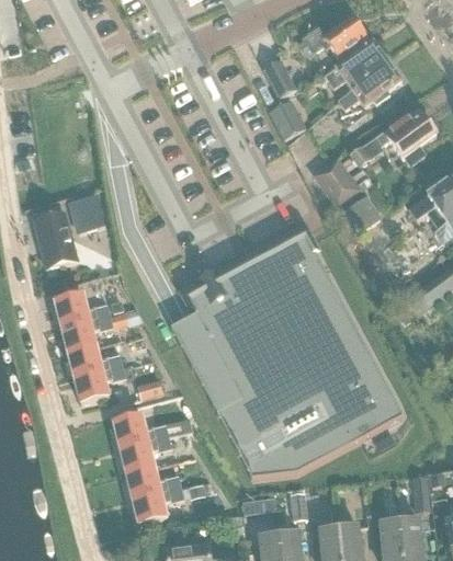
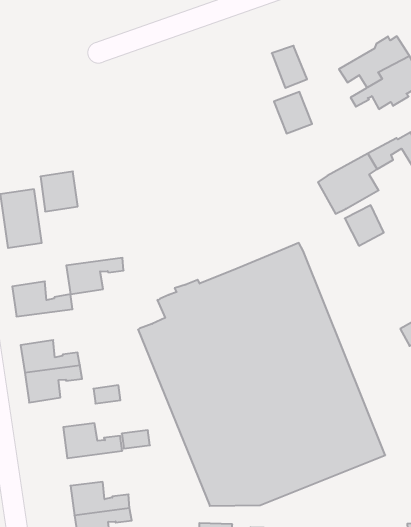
building: [304,13,369,57] -> none
building: [61,313,113,351] -> [66,258,124,294]
building: [121,435,172,471] -> none

